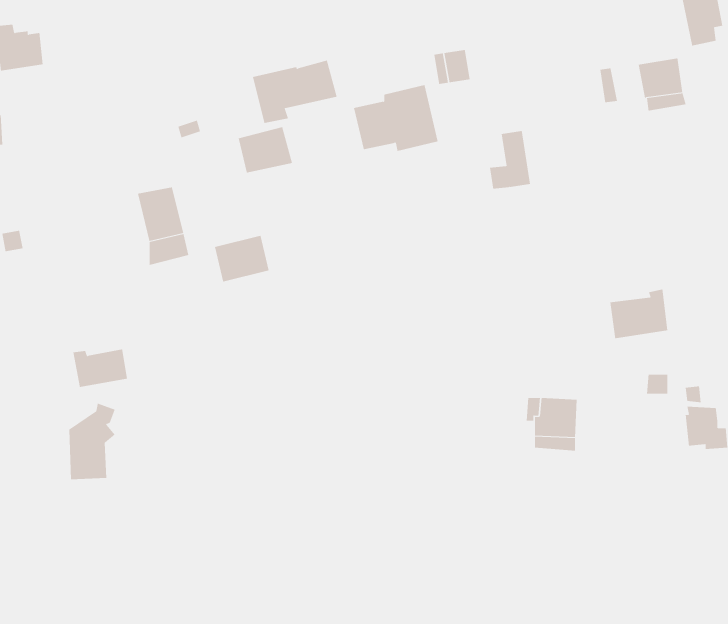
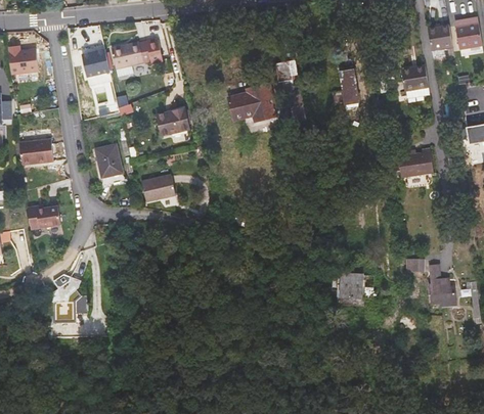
building: none -> [81,49,108,77]
building: [252,60,337,124] -> [111,38,163,77]
building: [489,131,531,189] -> [333,70,358,105]
building: none -> [19,134,54,162]
building: [609,289,668,339] -> [397,147,433,178]
building: [73,349,128,387] -> [30,201,63,225]

